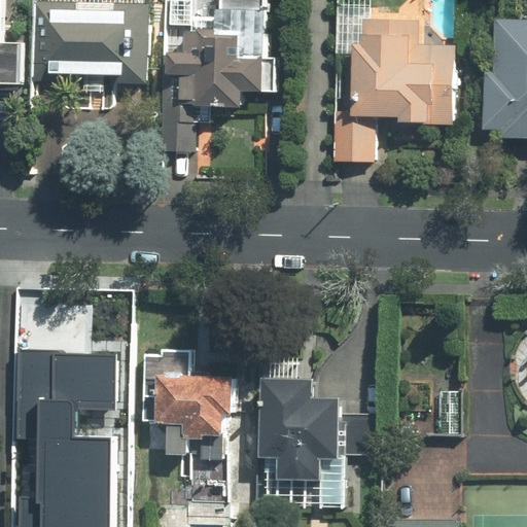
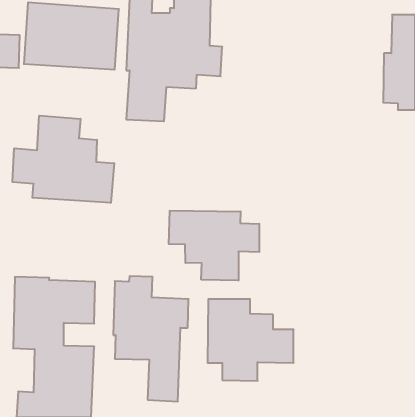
building: [331,17,454,162] -> none
building: none -> [12,116,114,203]
building: none -> [169,211,259,281]

